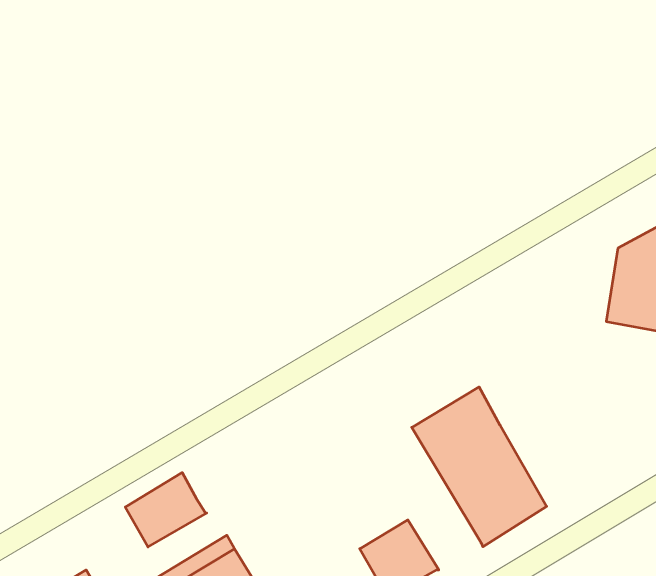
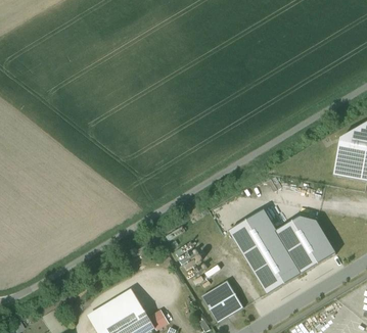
building: none -> [276,217,335,273]
building: [125,473,207,547] -> none

